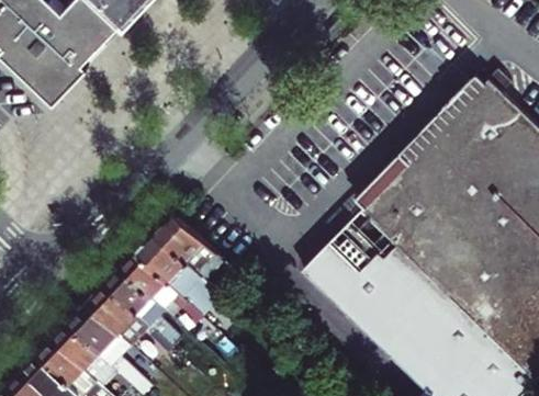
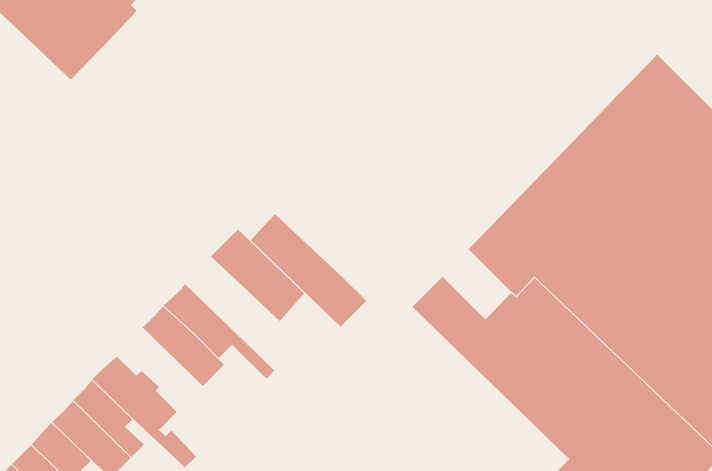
building: [330,226,381,278] -> none
building: [139,231,226,316] -> [250,214,367,328]
building: [89,284,153,347] -> none

